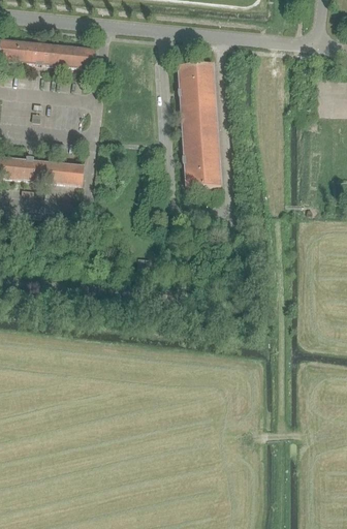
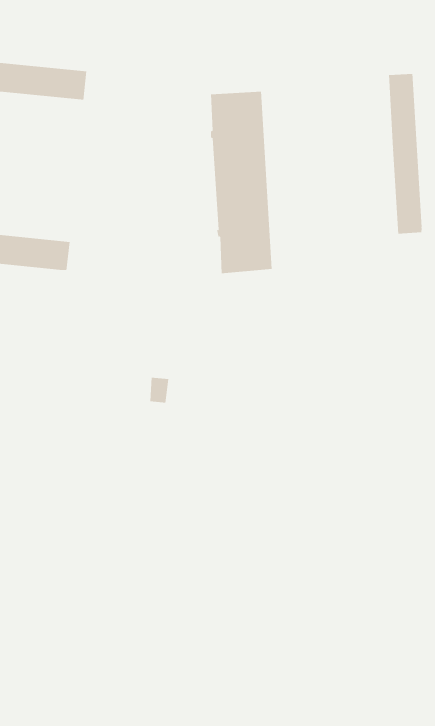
building: none -> [389,73,422,234]

